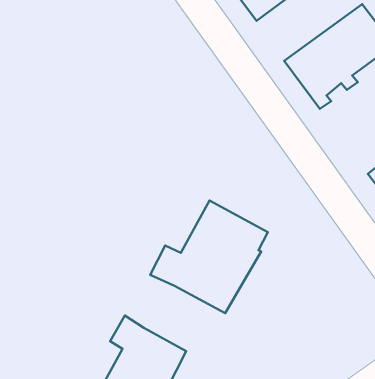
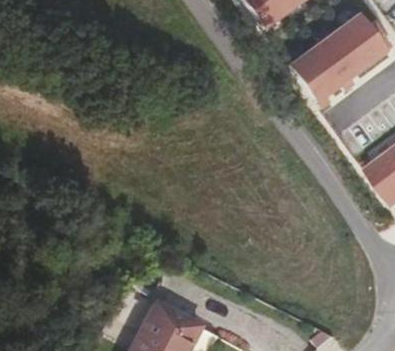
building: [150,200,268,313] -> none

